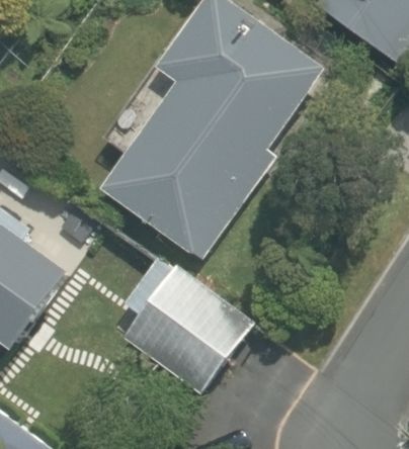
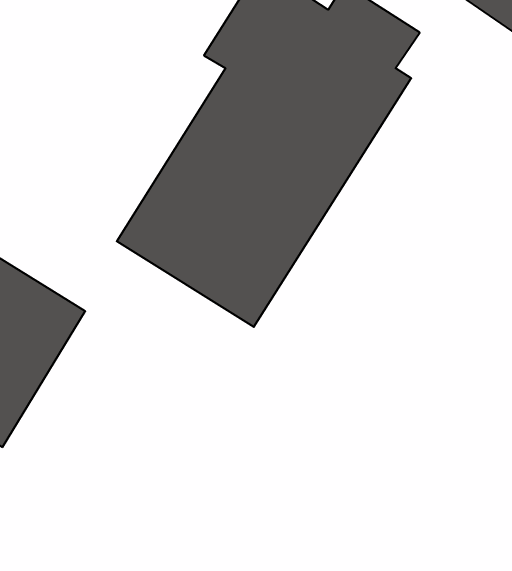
building: [111,260,251,390] -> none

